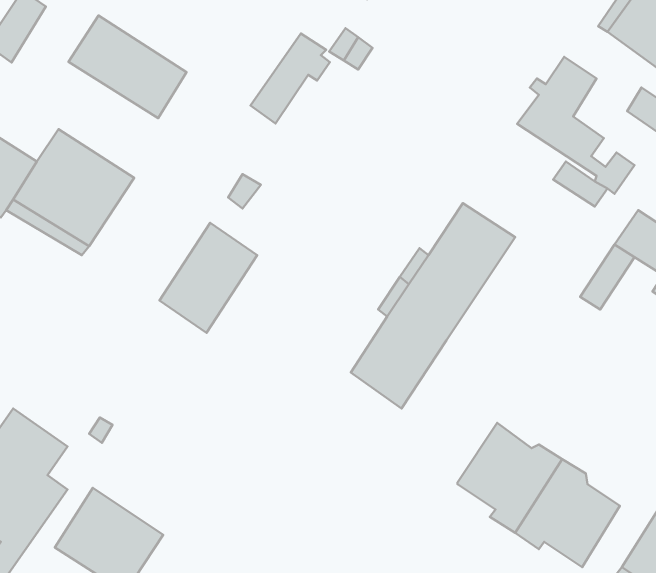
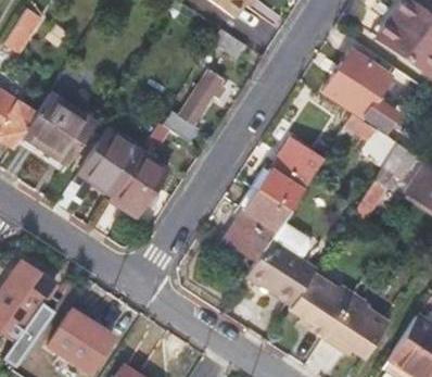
building: [69,16,187,118] -> none
building: [250,33,330,124] -> [179,68,227,123]
building: none -> [79,127,140,193]
building: none -> [245,221,315,306]

